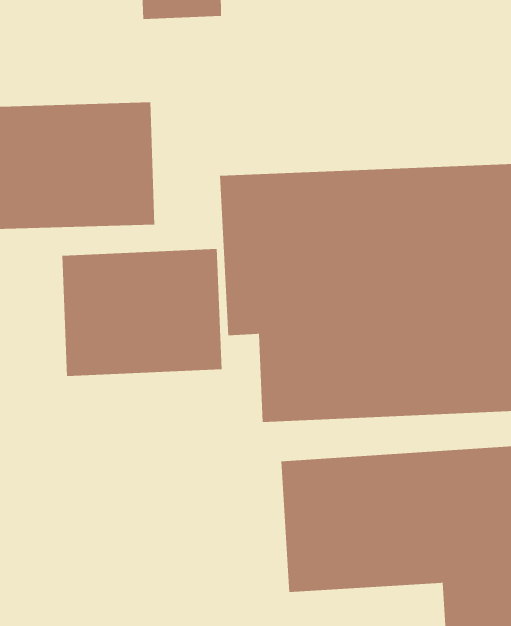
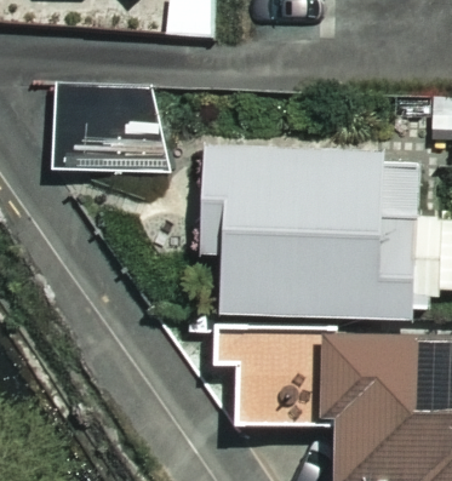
building: [62,248,222,377] -> none

